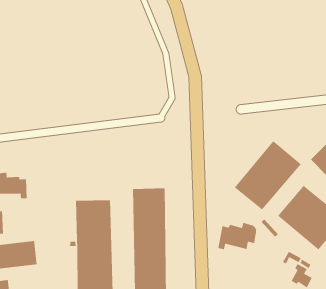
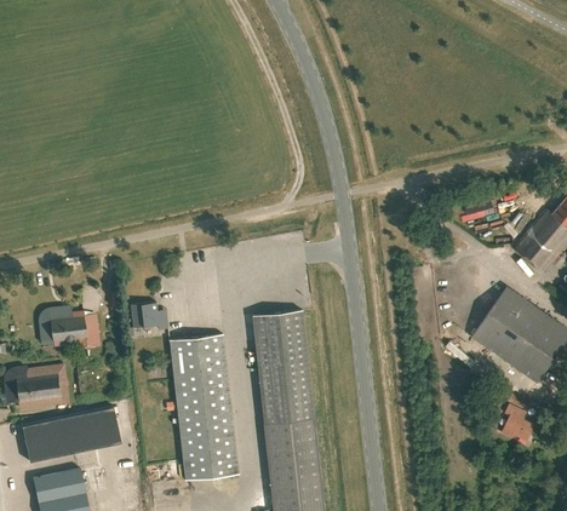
building: [234,140,302,211] -> none
building: none -> [130,303,167,331]
building: [217,222,257,250] -> none

